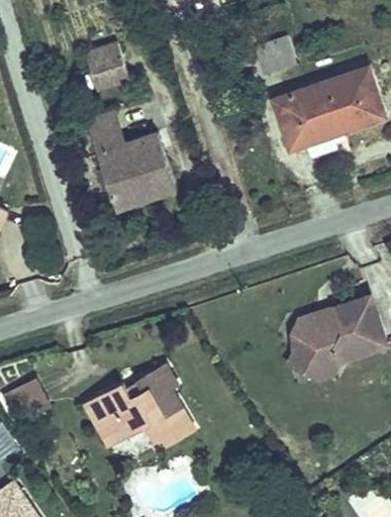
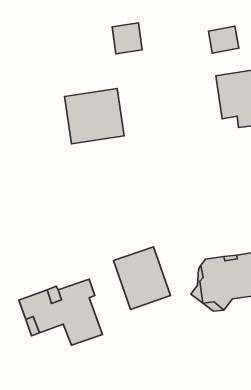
building: [86,46,126,88] -> [112,23,142,54]
building: [87,115,124,156] -> none
building: none -> [114,247,171,309]

